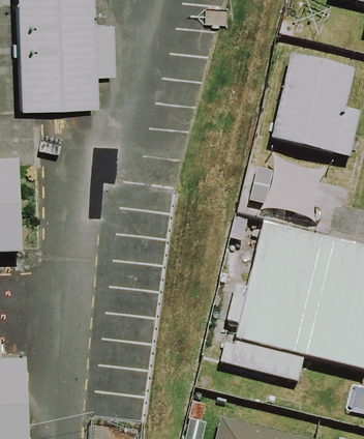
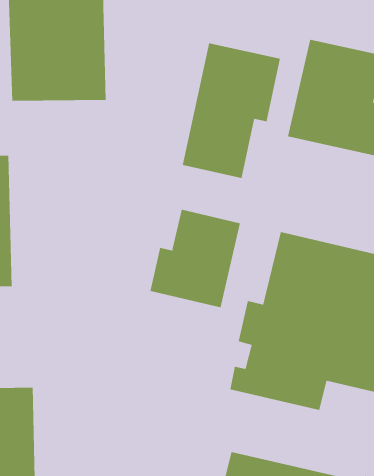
building: none -> [182,42,280,179]
building: none -> [150,209,240,308]

